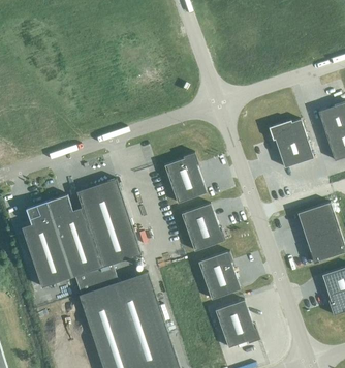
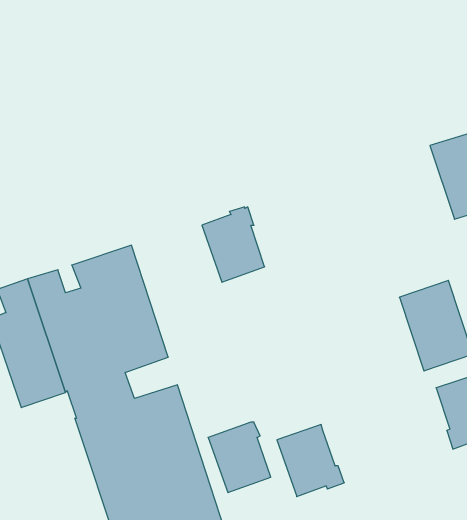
building: [269,119,314,167] -> none
building: [182,203,225,251] -> none
building: [198,251,241,299] -> [208,422,271,493]

